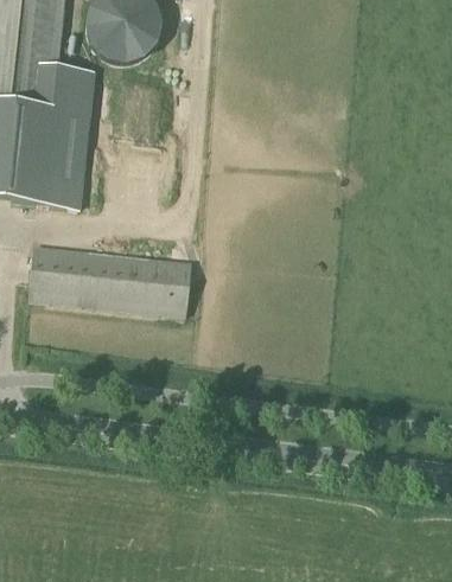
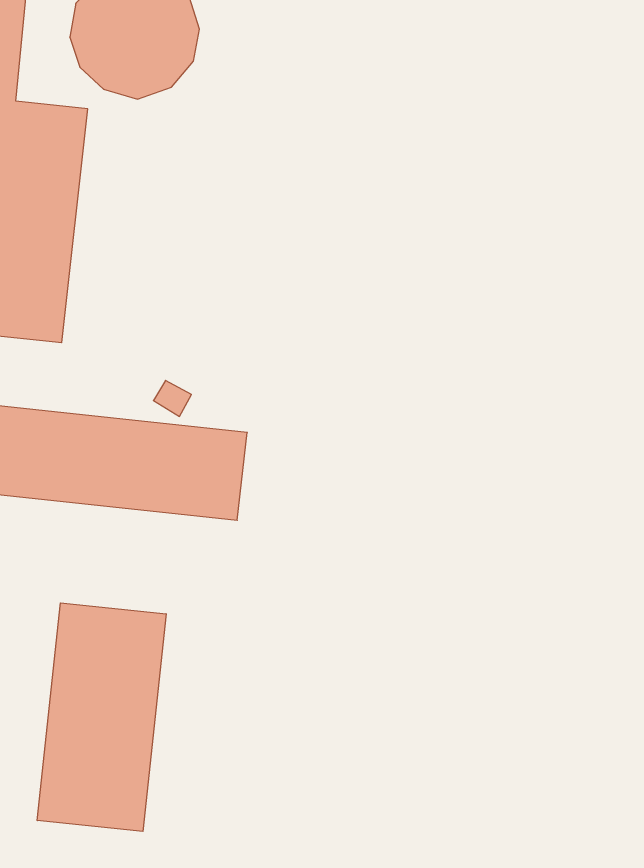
building: none -> [37,603,166,831]

